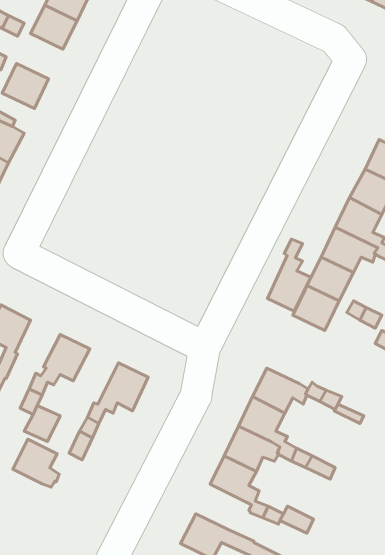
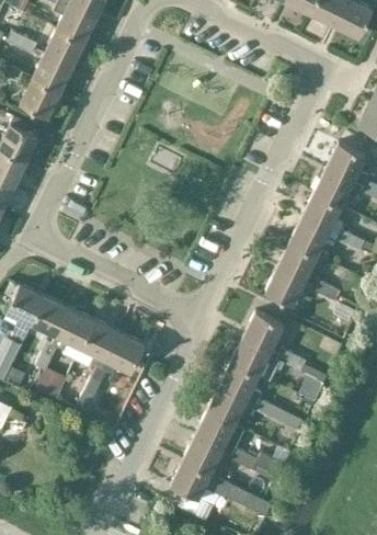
building: none -> [32,53,71,91]
building: [267,239,311,311] -> none
building: none -> [31,296,69,335]
building: none -> [244,311,284,350]
building: none -> [80,320,118,367]
building: [13,439,59,487] -> none
building: none -> [184,435,231,474]

